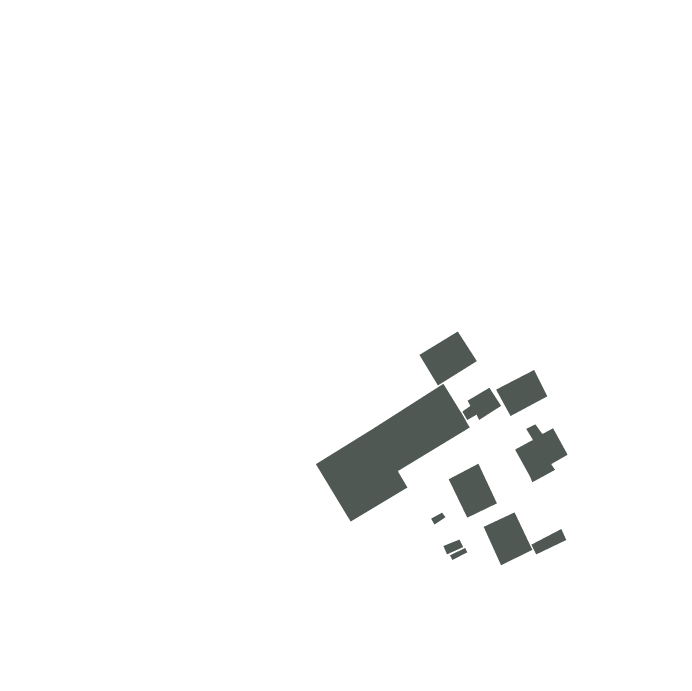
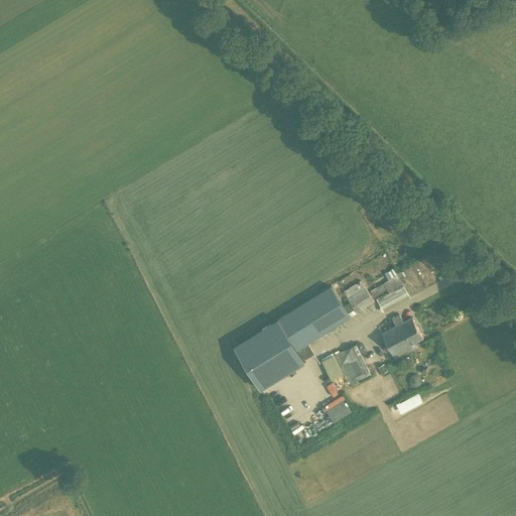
building: [419,331,478,387] -> none
building: [483,511,533,566] -> none

